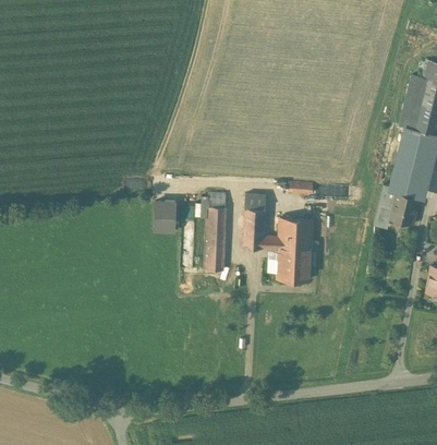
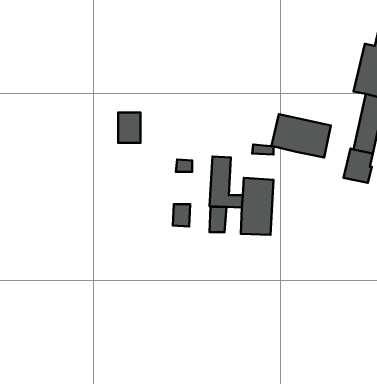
building: none -> [271,114,331,158]
building: [157,199,181,231] -> [118,113,140,143]
building: [205,213,223,240] -> [209,207,227,232]

